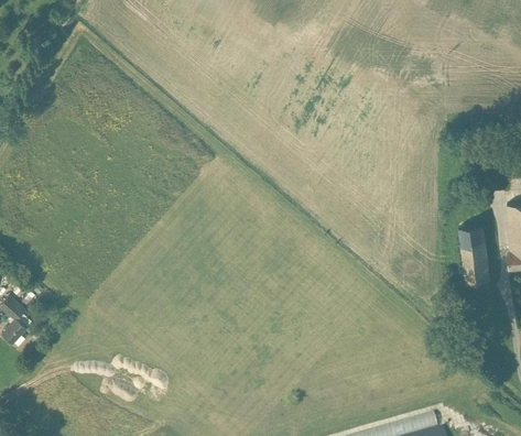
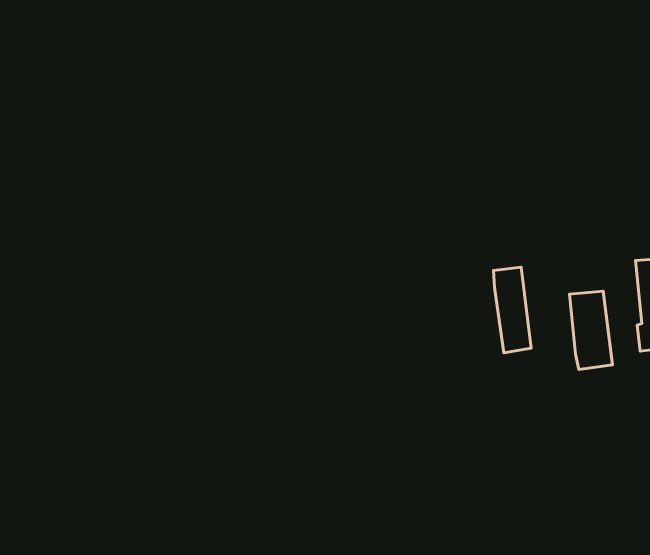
building: none -> [493,267,531,353]

